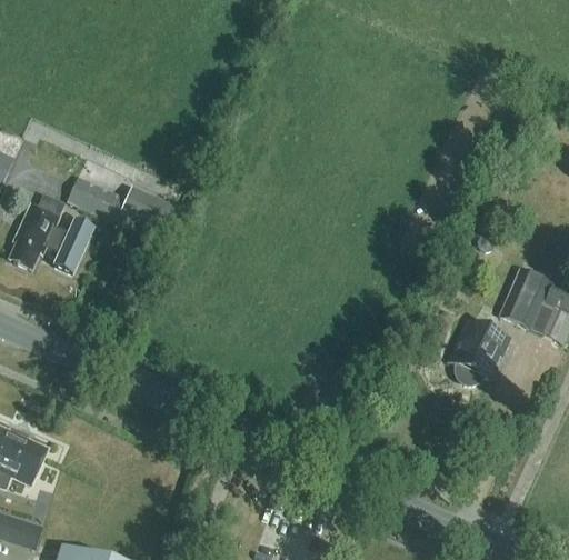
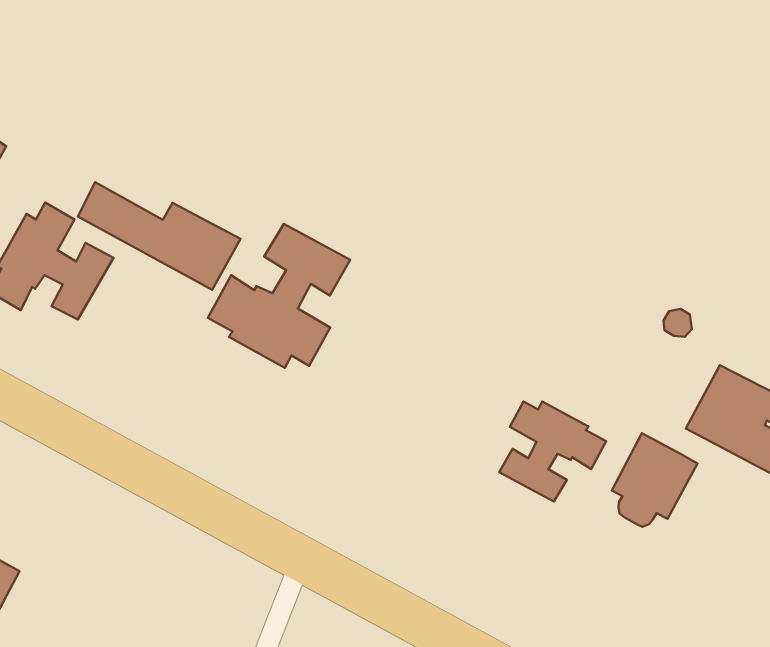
building: none -> [208,224,350,368]
building: none -> [499,401,606,501]

